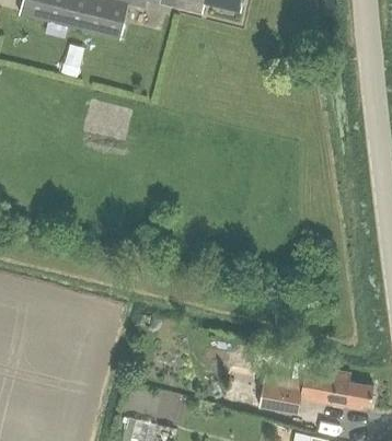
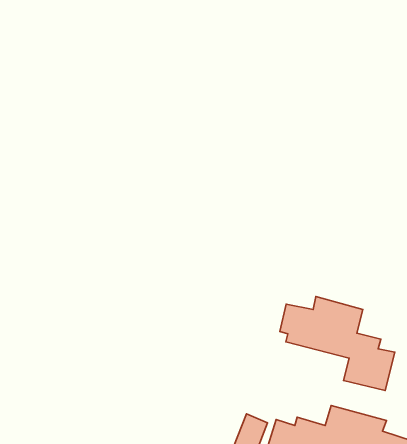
building: none -> [280,297,395,391]

